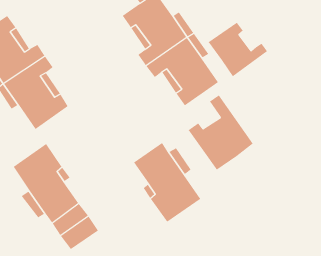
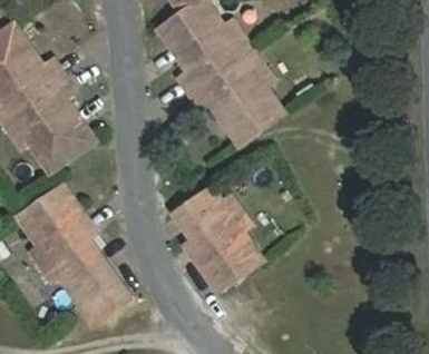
building: [208,22,268,77] -> none
building: [188,94,254,171] -> none

